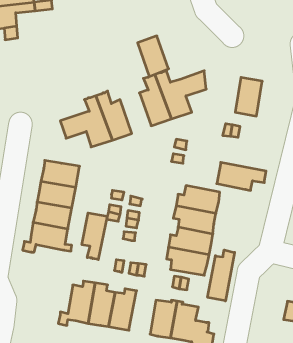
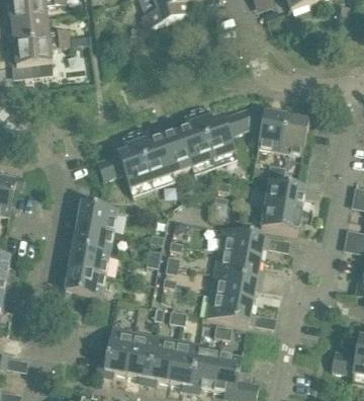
building: [138,36,169,76] -> [159,131,191,173]
building: none -> [247,107,285,151]
building: none -> [264,181,313,213]
building: [82,213,107,260] -> none
building: [208,250,235,301] -> none
building: none -> [168,338,196,384]

